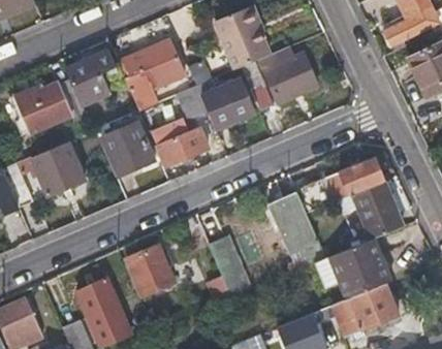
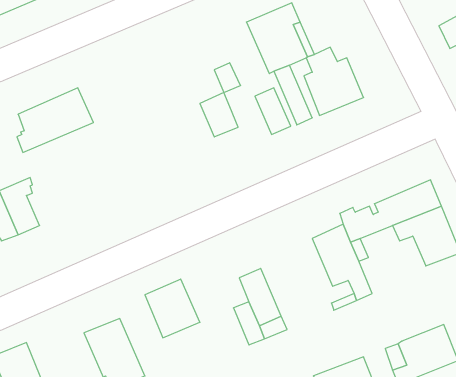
building: [118,40,183,108] -> none
building: [65,53,120,117] -> none
building: [200,87,236,130] -> none
building: [103,122,155,175] -> none
building: [154,124,207,165] -> none
building: [32,144,85,196] -> none
building: [332,237,390,298] -> none

